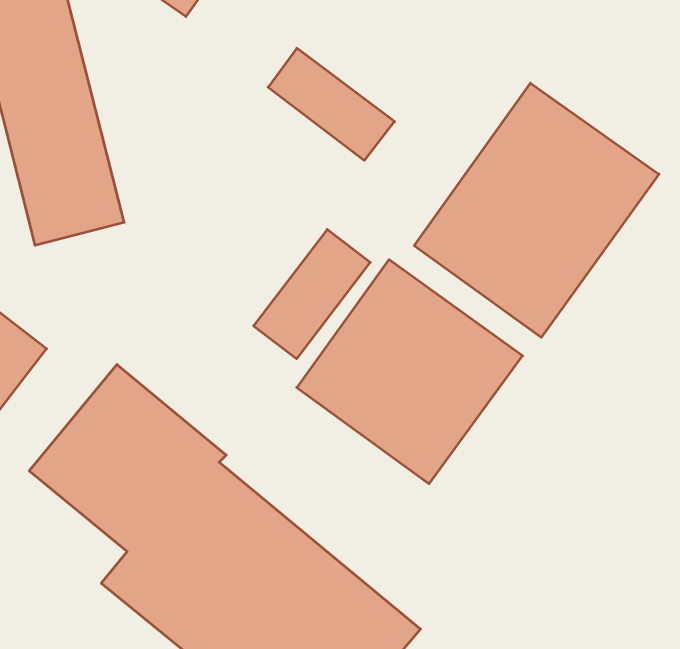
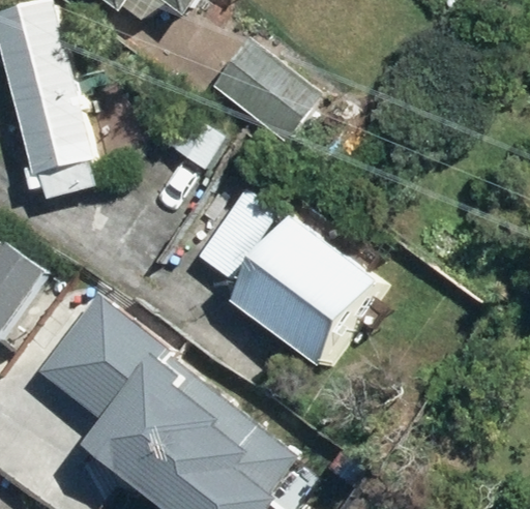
building: [414,83,659,337] -> none

